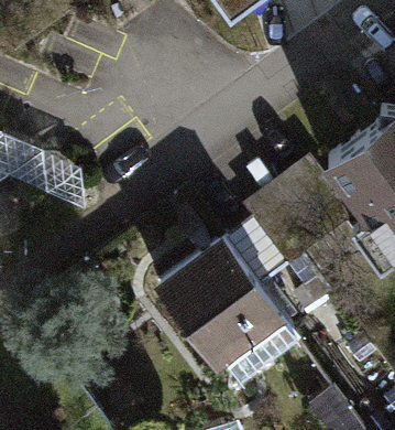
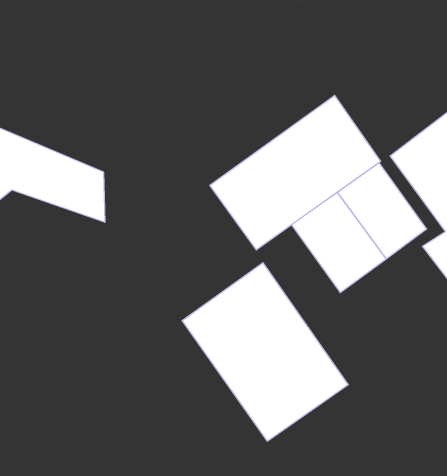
building: none -> [210,95,380,250]

